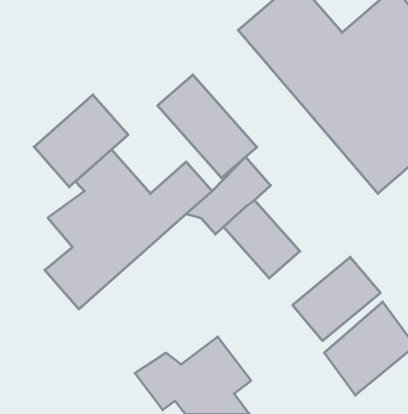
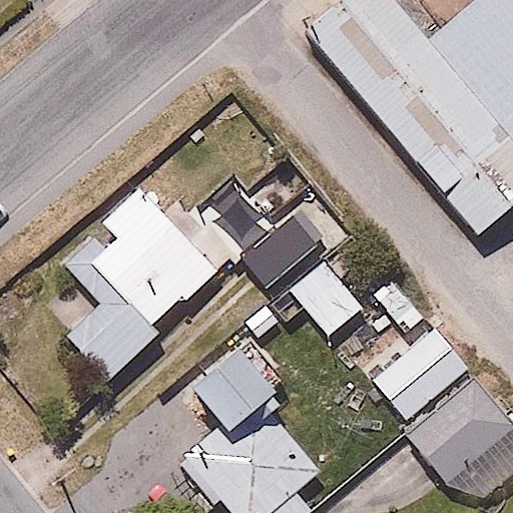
building: [158,75,257,178] -> none
building: [34,95,128,187] -> none
building: none -> [184,347,274,436]

